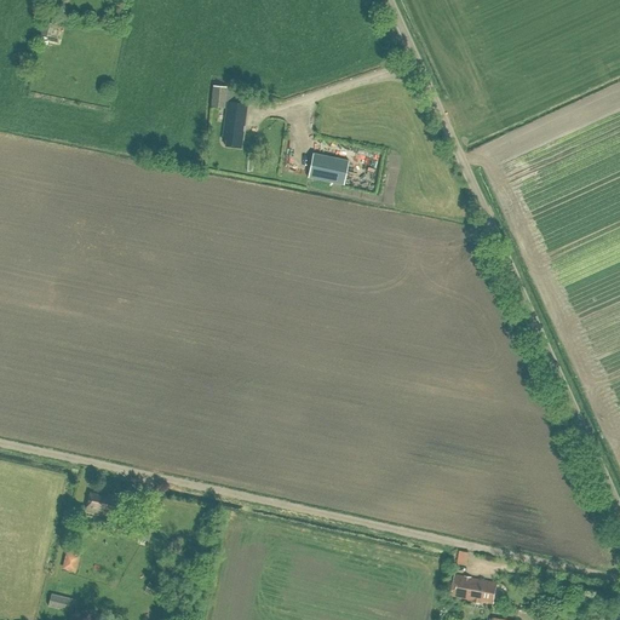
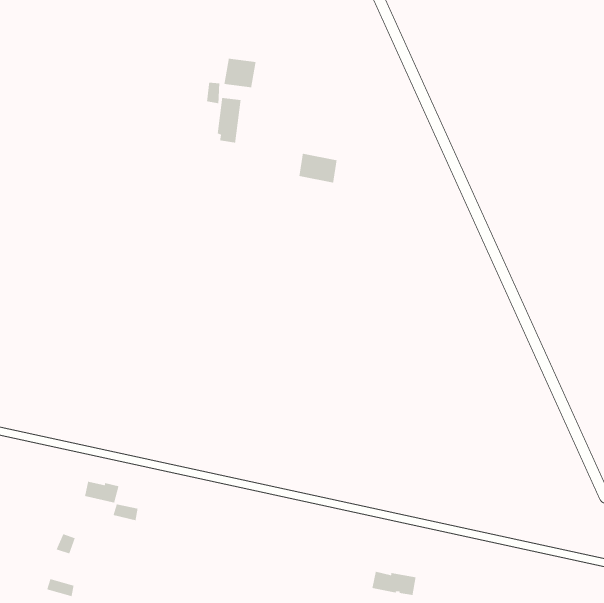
building: none -> [224,58,256,88]
building: [452,575,498,601] -> [372,571,417,596]

